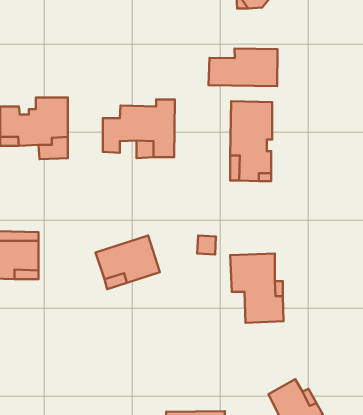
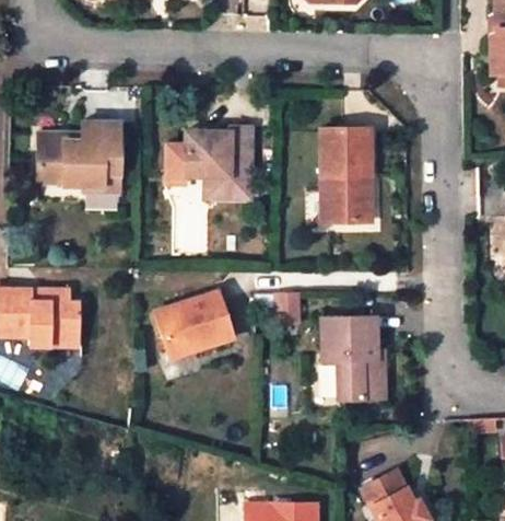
building: [209,48,278,86] -> none

